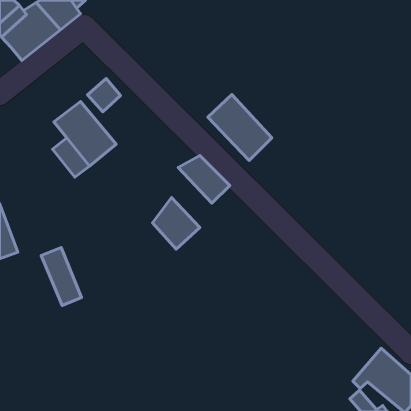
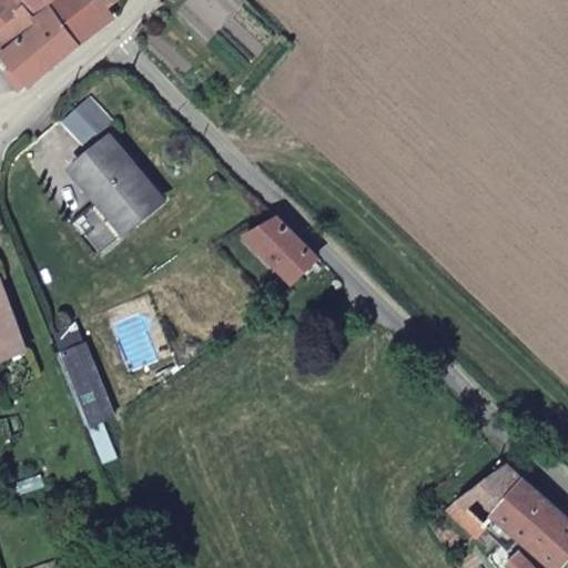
building: [88,79,121,112] -> [65,100,111,145]
building: [208,94,272,161] -> none
building: [153,197,200,249] -> none
building: none -> [457,464,525,526]

